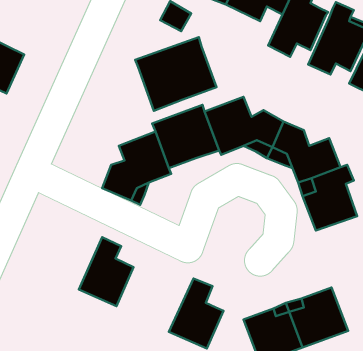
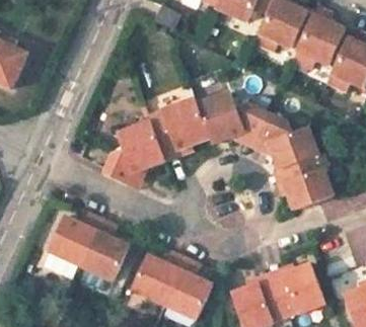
building: [135,37,217,111] -> none
building: none -> [48,211,101,265]
building: none -> [130,249,185,304]

